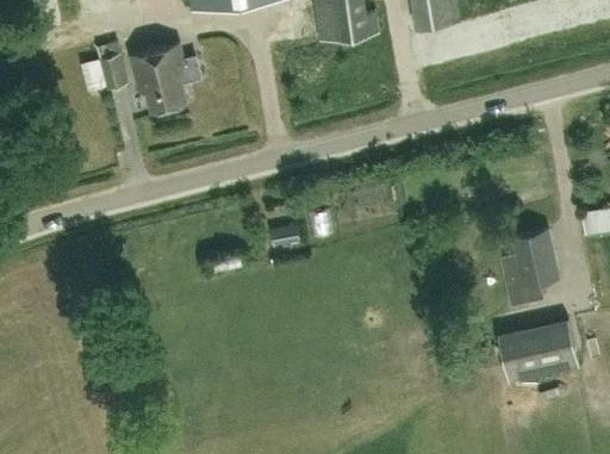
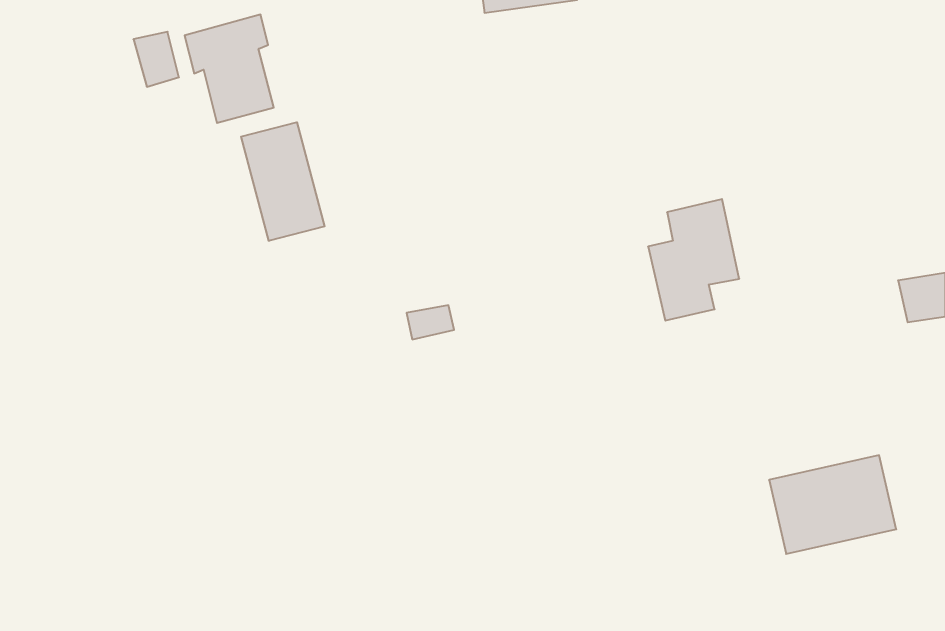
building: none -> [241,122,325,241]
building: [500,229,558,305] -> [648,199,739,321]

